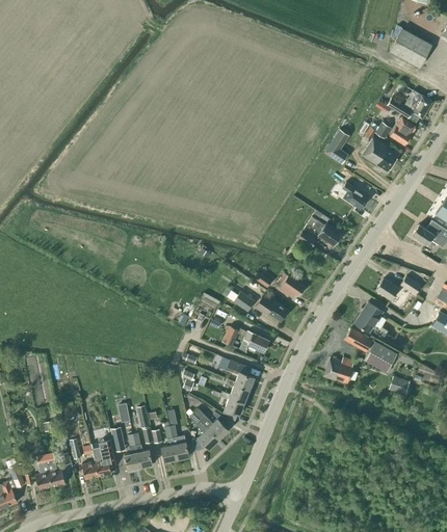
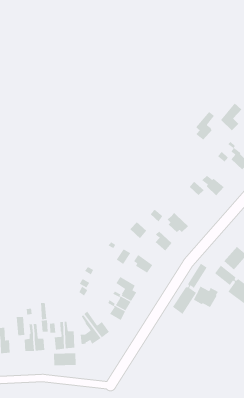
building: none -> [196,111,215,141]
building: none -> [172,263,208,315]
building: none -> [53,352,76,366]

